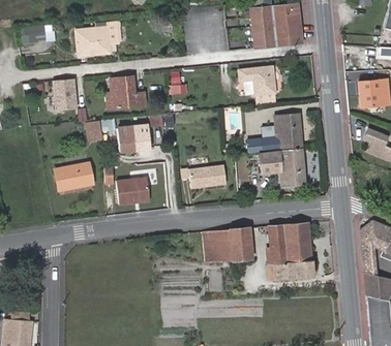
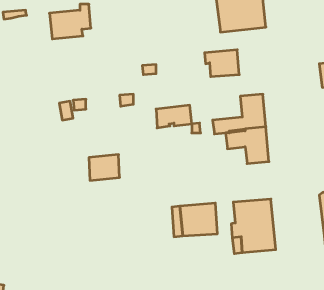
building: [110,76,145,107] -> none
building: [52,78,77,112] -> none
building: [117,126,149,152] -> none
building: [55,162,93,191] -> none
building: [189,164,227,188] -> [156,105,192,128]

